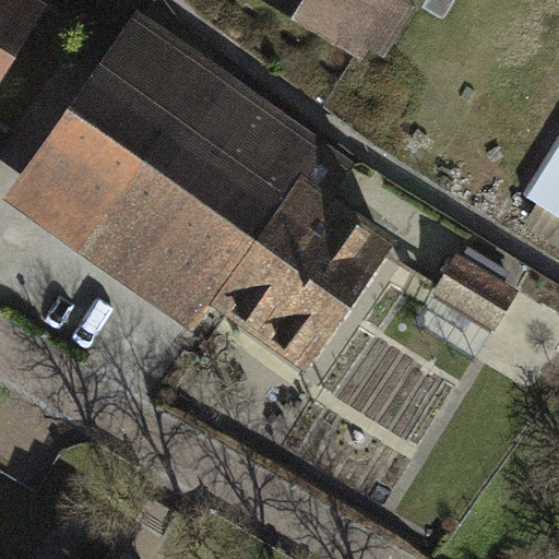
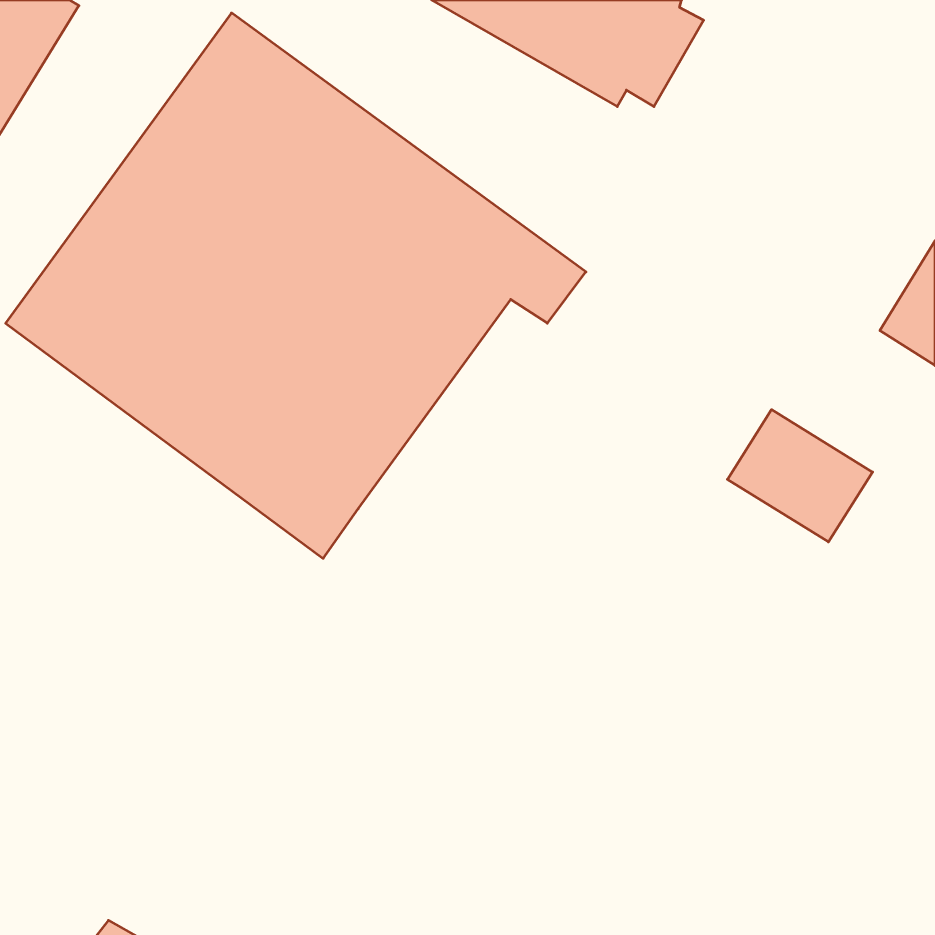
building: [213,180,394,368] -> none

